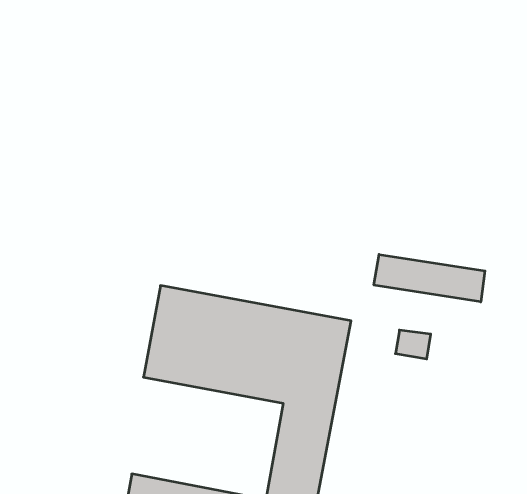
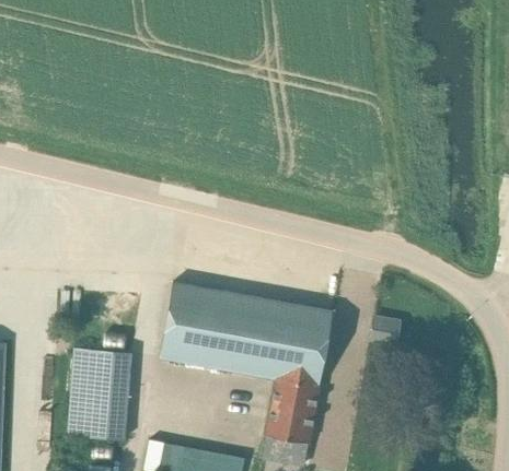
building: [374,254,485,302] -> none
building: none -> [67,349,130,440]

